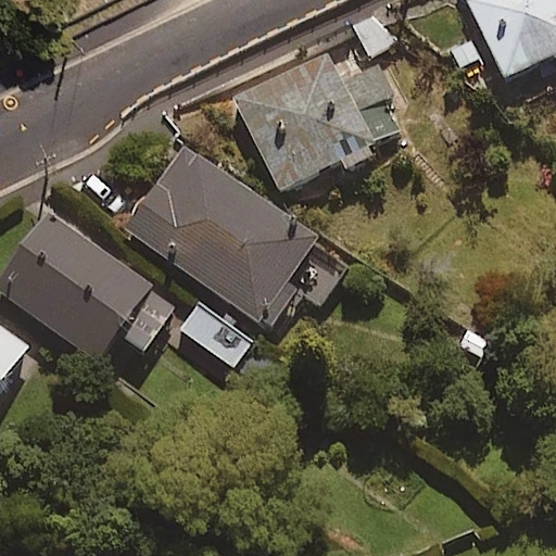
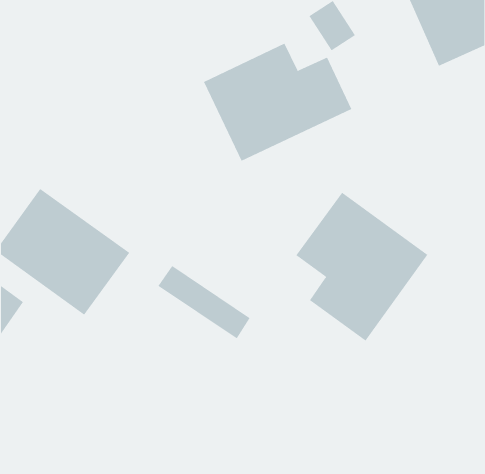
building: [126,148,345,329] -> none
building: none -> [296,192,428,341]

